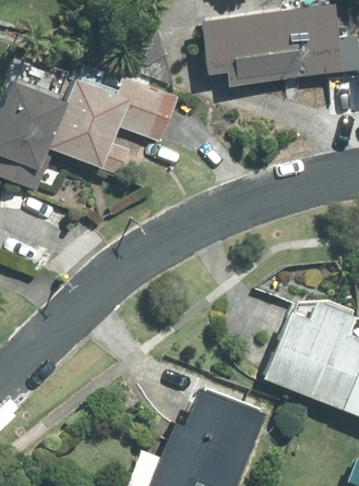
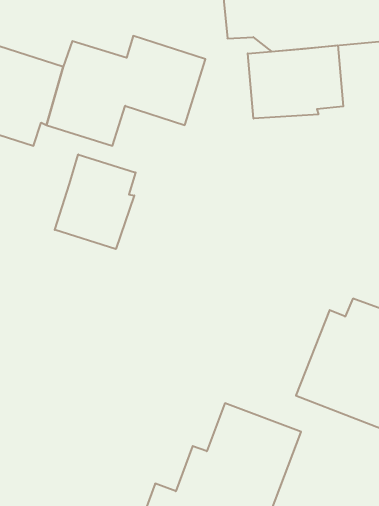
building: none -> [248,45,343,119]
building: none -> [55,154,136,249]

